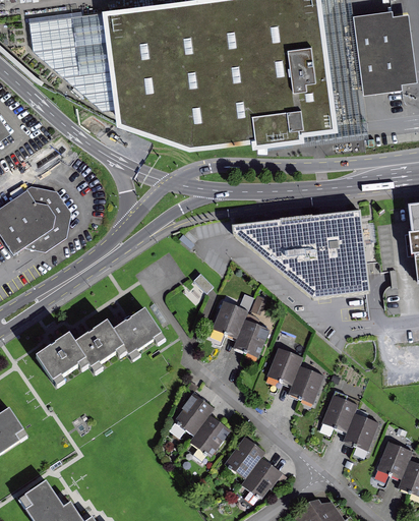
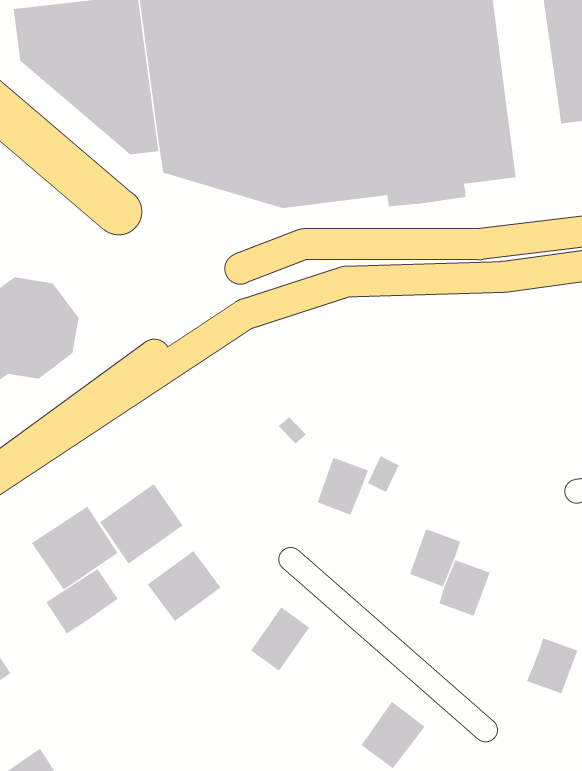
building: [228,212,366,300] -> none
building: [121,304,168,349] -> [147,550,222,622]
building: [233,320,265,354] -> none
building: none -> [45,568,119,635]
building: [327,394,360,430] -> none
building: [188,411,229,454] -> none
building: [227,436,264,476] -> none

